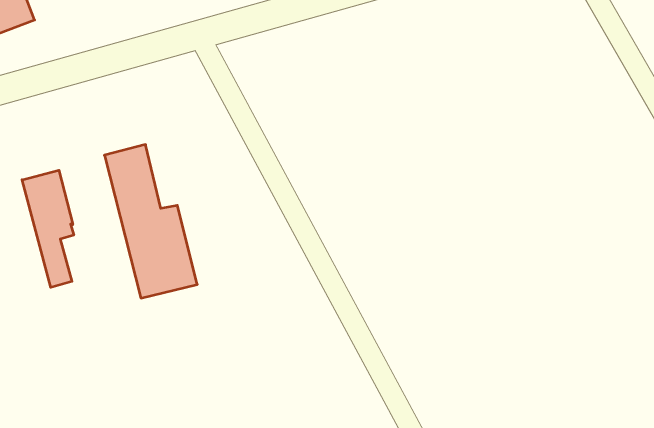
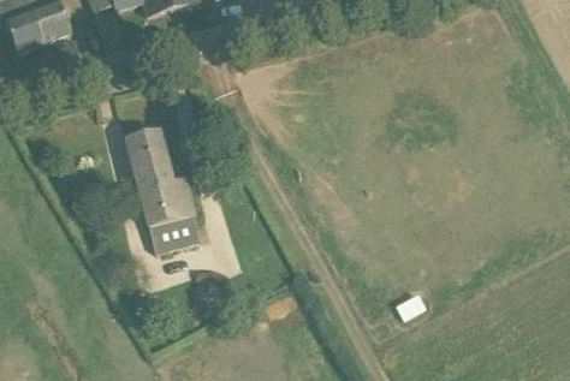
building: [22,170,74,287] -> none

